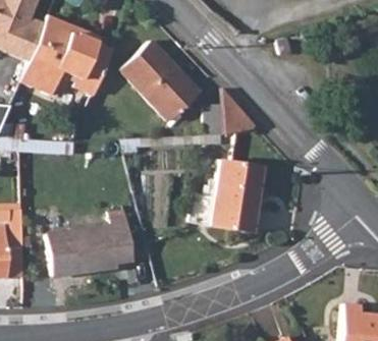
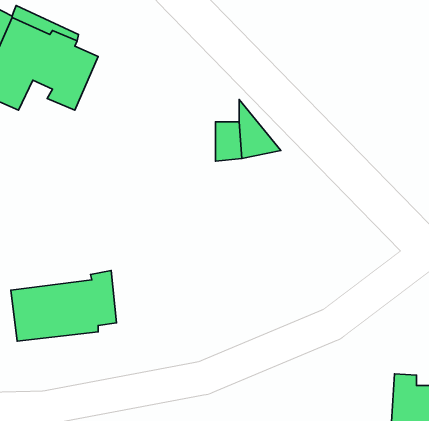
building: [124,42,202,120] -> none
building: [211,161,267,233] -> none

